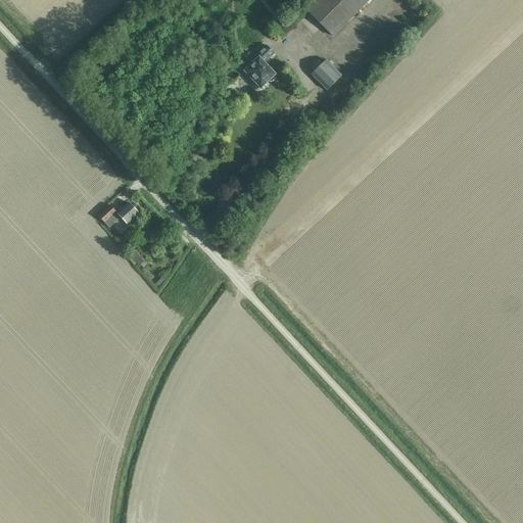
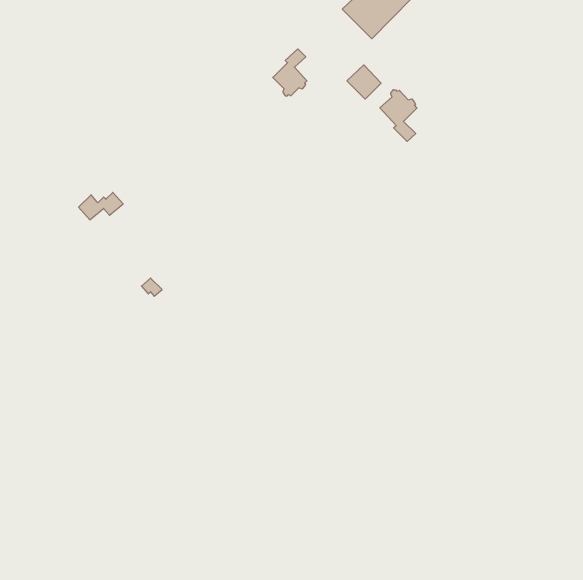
building: none -> [380,90,417,141]
building: [98,201,138,226] -> [79,192,123,220]

